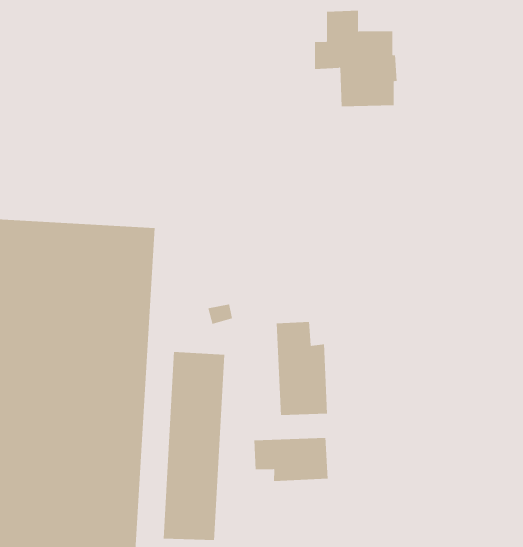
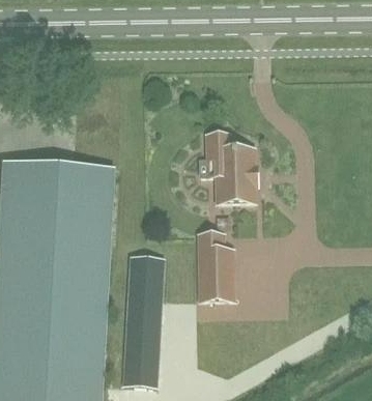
building: [314,10,397,107] -> [199,132,257,199]
building: [254,437,328,482] -> none

